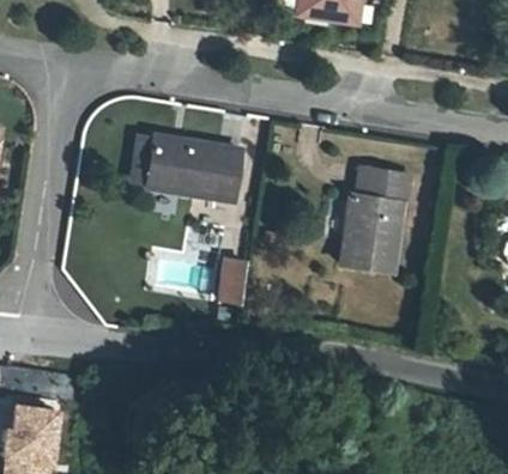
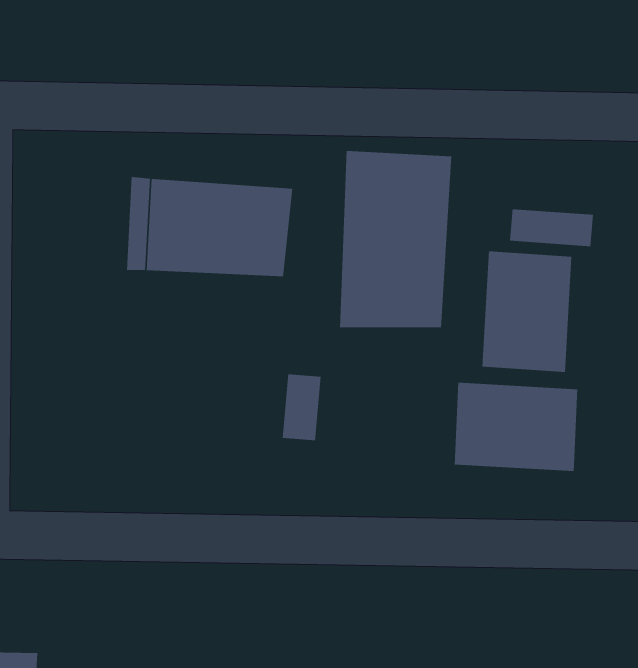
building: none -> [339,150,452,328]
building: none -> [454,382,578,472]

